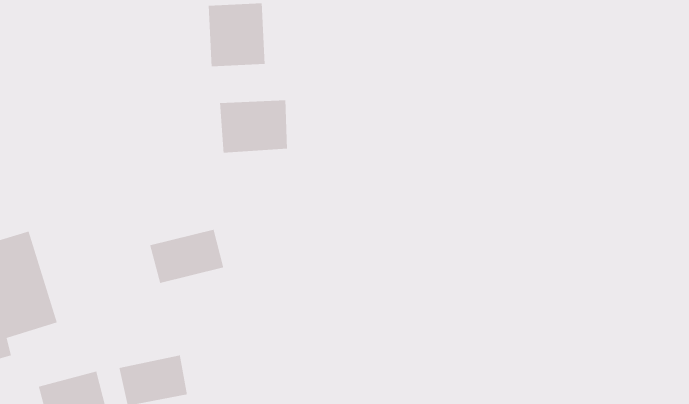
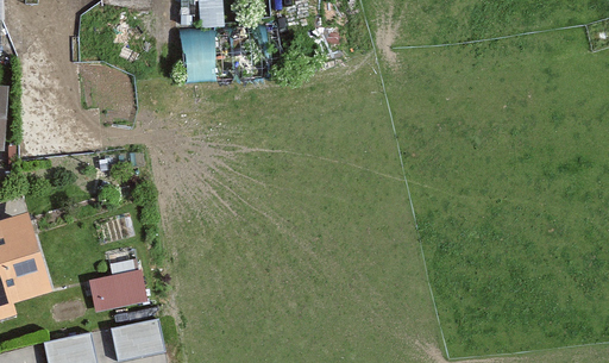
building: [219,99,288,153] -> none
building: [149,229,224,284] -> [84,267,146,312]

